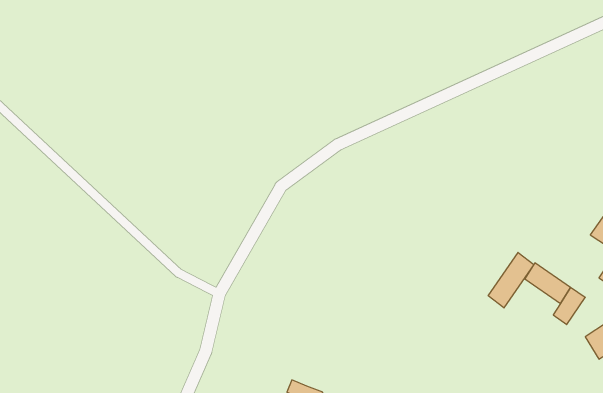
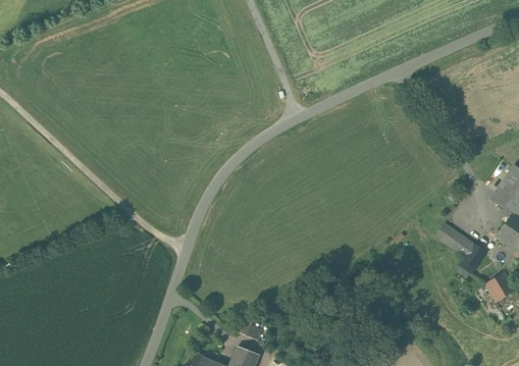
building: [488,252,534,308] -> none

